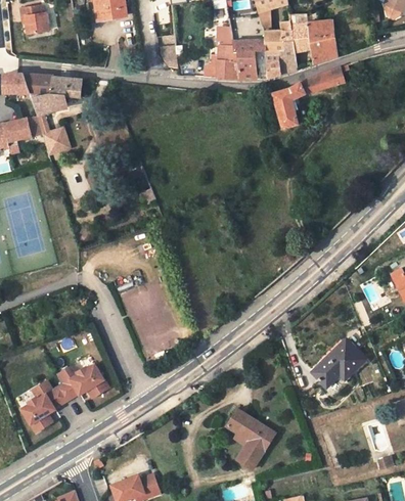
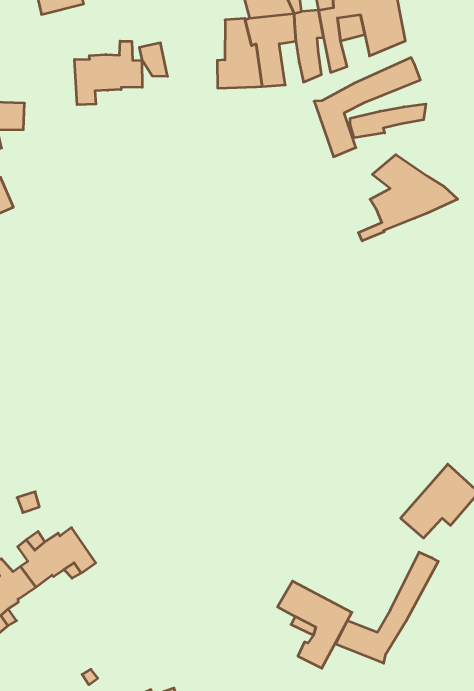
building: none -> [75,41,142,105]
building: none -> [350,104,426,138]
building: none -> [358,155,458,241]
building: none -> [336,552,438,663]

